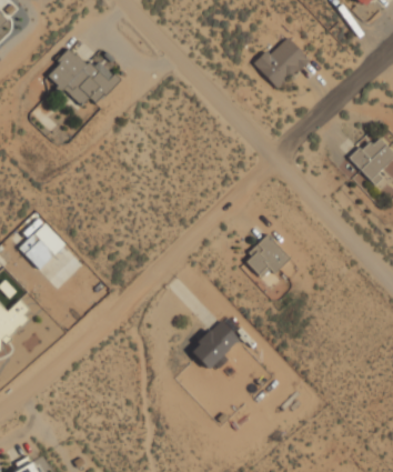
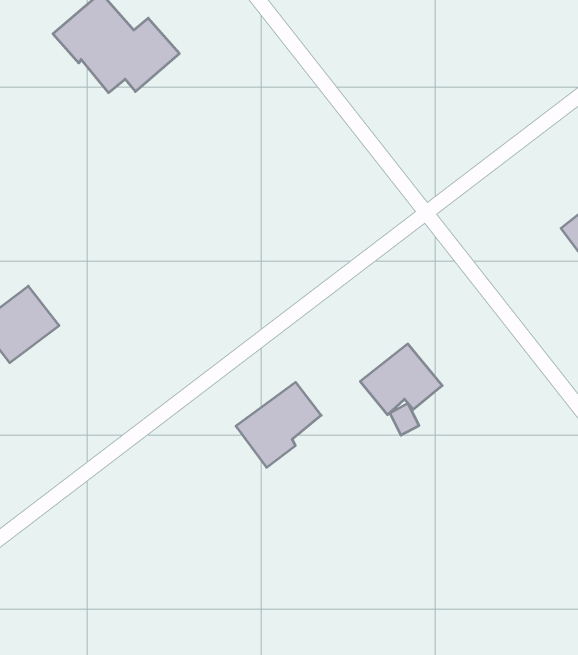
building: [253,38,310,89] -> none
building: [190,321,239,372] -> [236,382,321,467]

